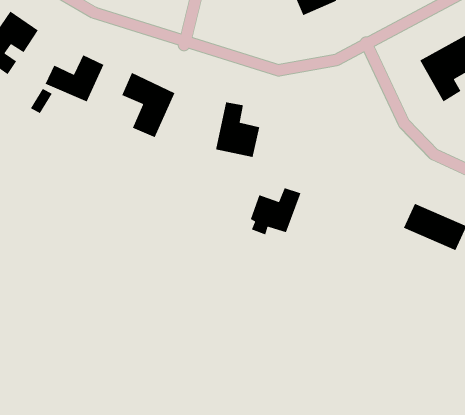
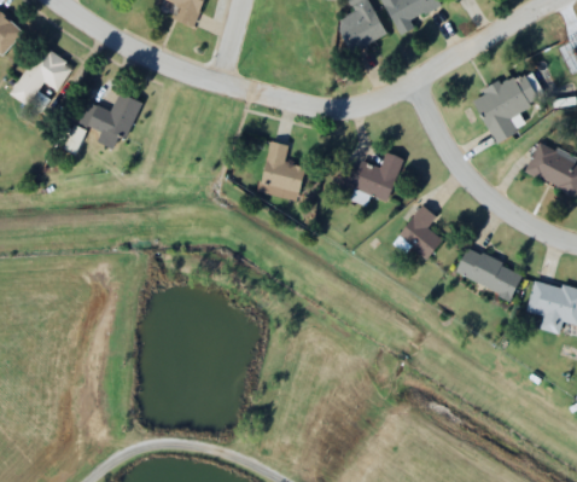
building: [121,72,176,138] -> none
building: none -> [397,204,443,259]
building: [250,187,302,236] -> [350,152,404,203]

